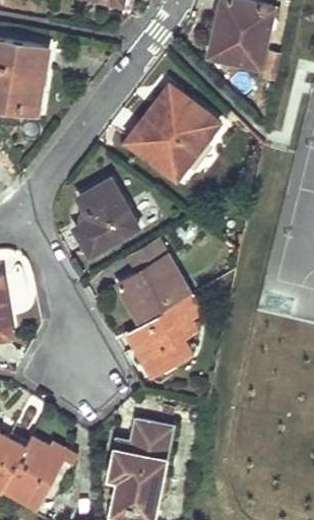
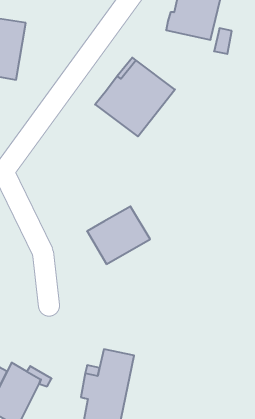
building: [74,181,138,257] -> none
building: [127,240,170,277] -> none
building: [127,298,199,376] -> none

